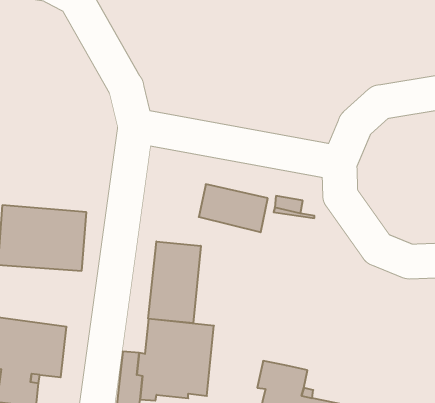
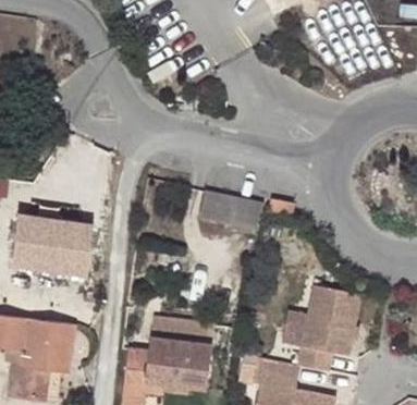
building: [148,241,201,323] -> none
building: none -> [297,286,360,372]

